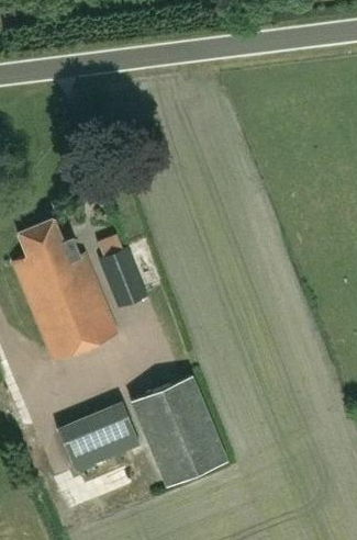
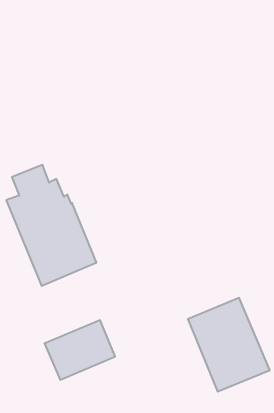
building: [99,247,147,306] -> none
building: [131,374,227,485] -> [188,298,270,392]

